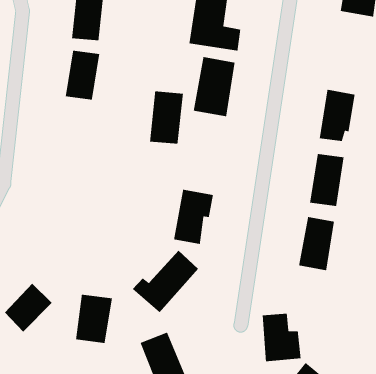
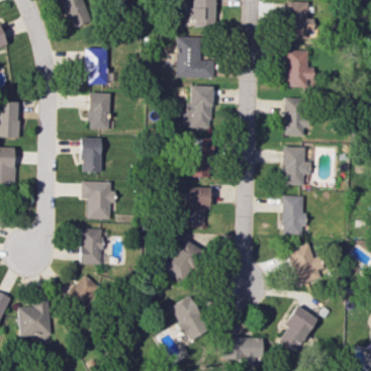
building: none -> [287,50,313,88]
building: [149,91,184,145] -> [188,137,211,178]
building: none -> [82,137,102,172]
building: none -> [82,181,114,219]
building: [75,294,113,344] -> [81,228,105,264]
building: [262,313,302,362] -> [291,245,326,284]

